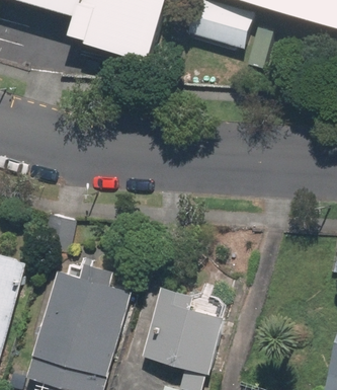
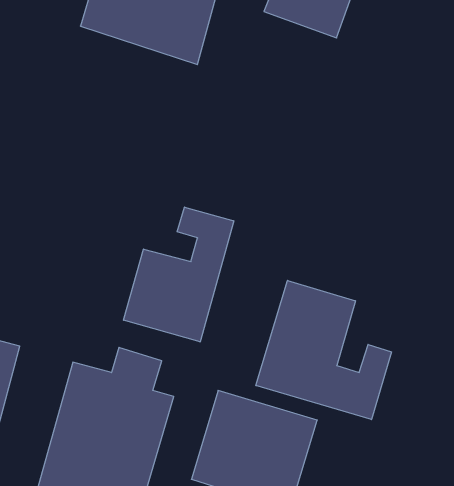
building: none -> [124,207,234,342]
building: none -> [256,280,392,420]

